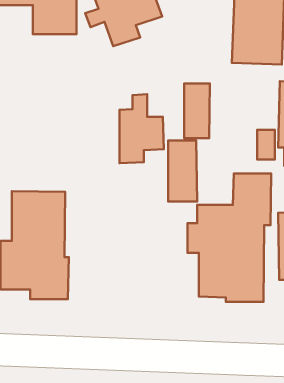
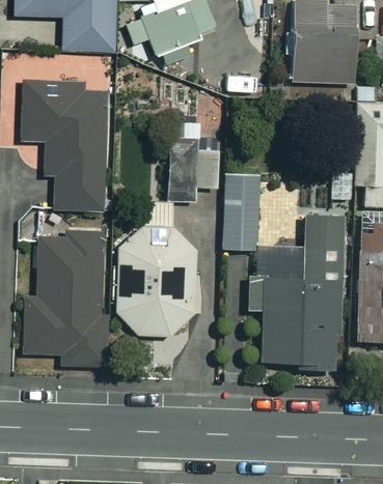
building: none -> [32,82,117,209]
building: [184,84,210,138] -> none
building: none -> [114,207,196,336]

